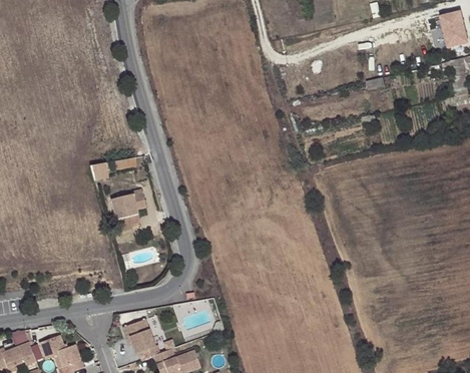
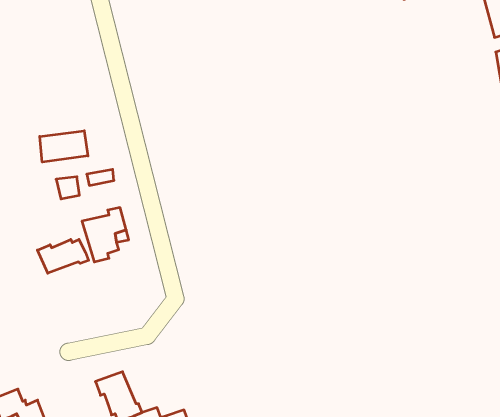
building: none -> [40,131,88,162]
building: none -> [37,239,89,273]

